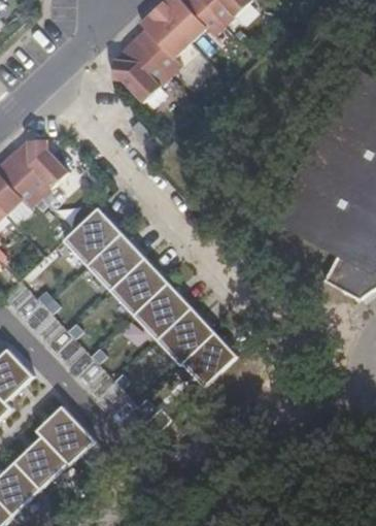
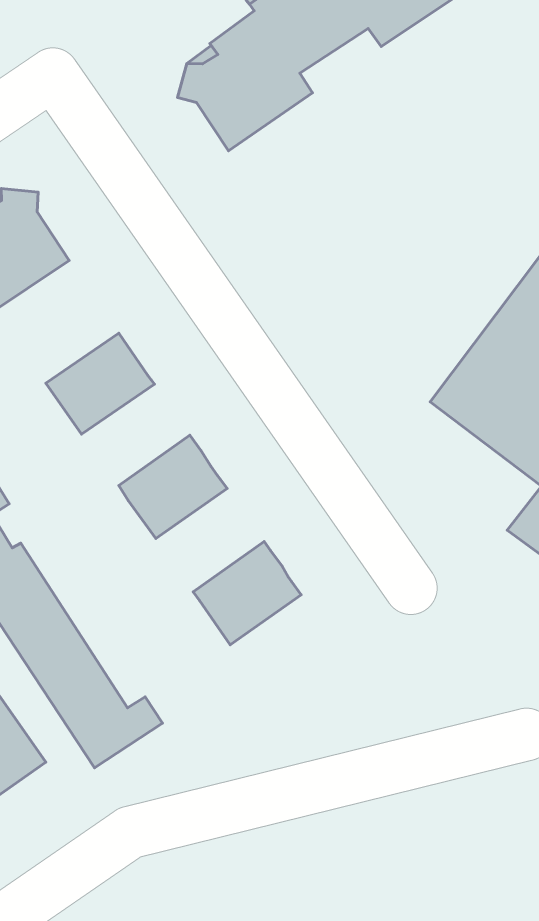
building: [89,232,145,288] -> none
building: [136,281,193,337] -> none
building: [183,330,238,385] -> none

